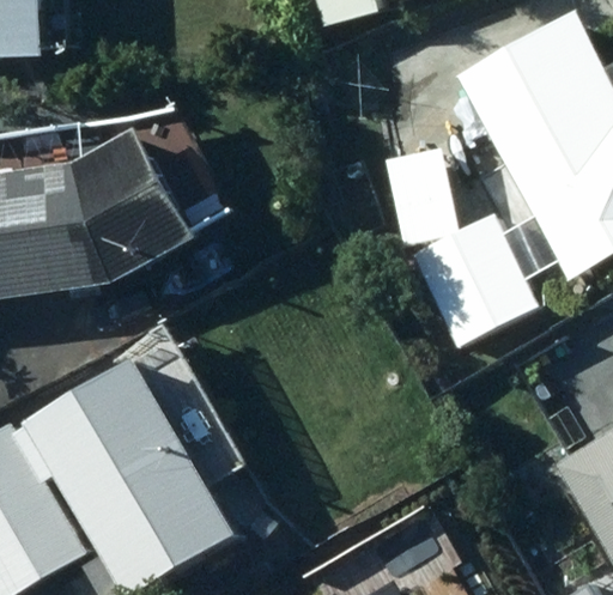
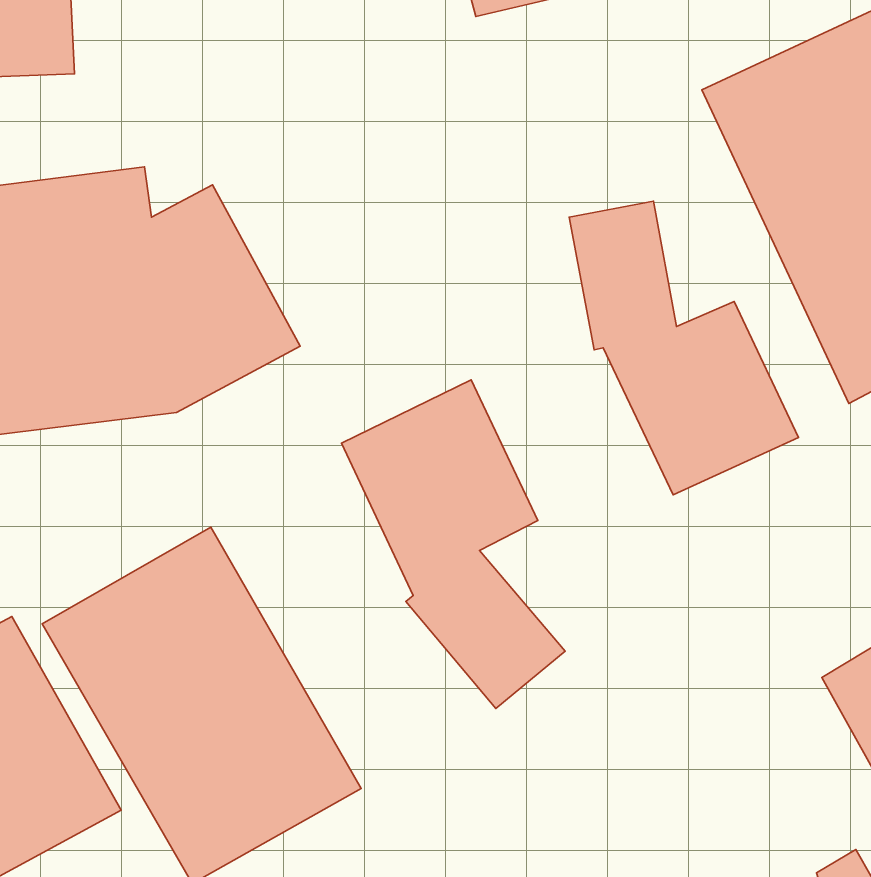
building: none -> [341,380,565,708]

